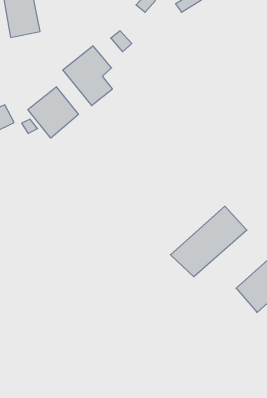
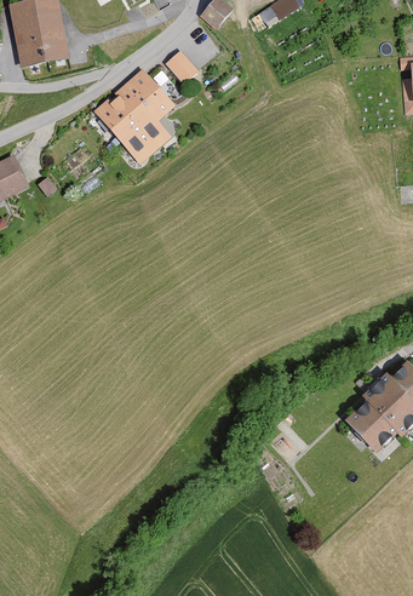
building: [28,87,78,138] -> none
building: [170,206,247,277] -> none

